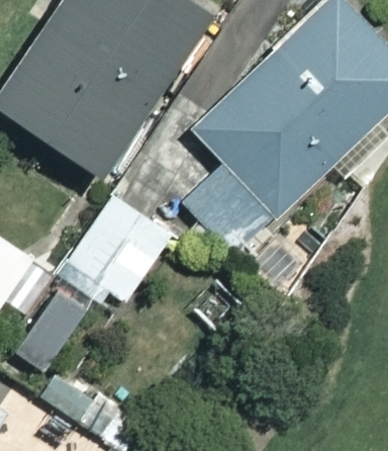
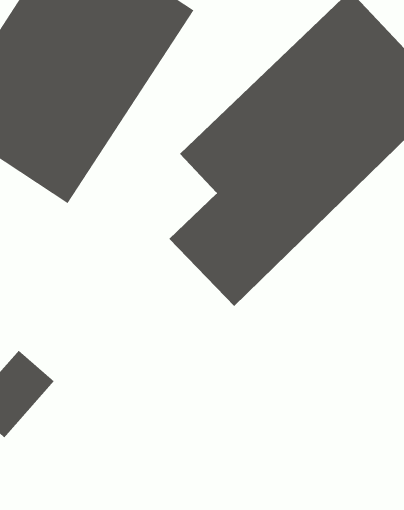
building: [67,197,171,304] -> none

